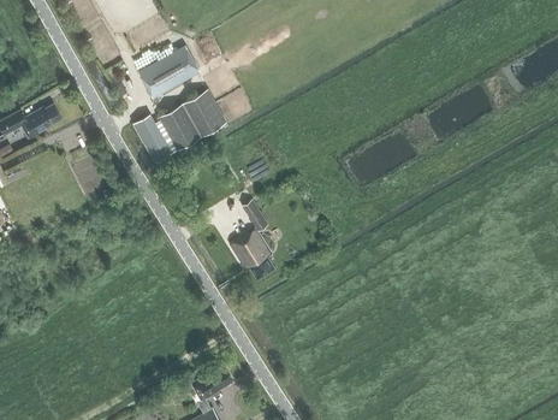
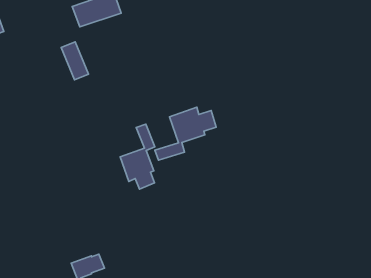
building: [159,89,225,149] -> none
building: none -> [155,107,216,160]

